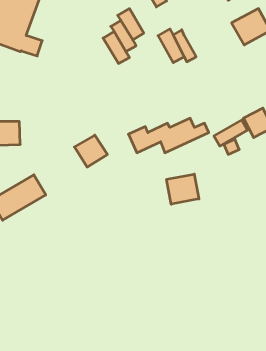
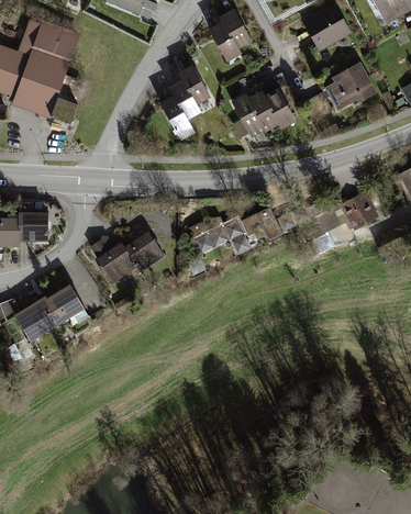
building: none -> [263,90,297,132]
building: none -> [89,237,136,284]
building: [167,174,199,204] -> none

